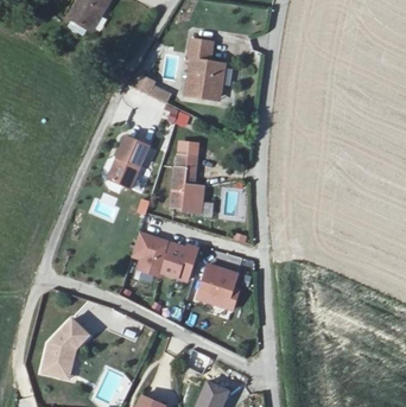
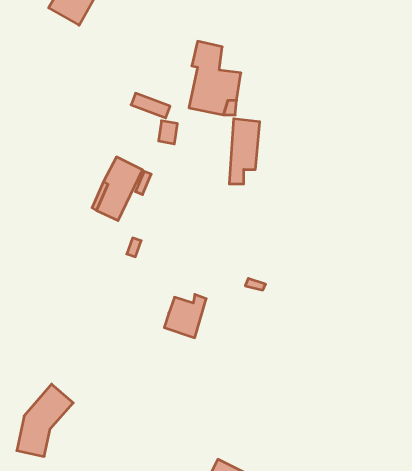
building: [172,154,197,208] -> [229,119,260,184]
building: [134,234,171,276] -> none
building: [202,265,242,310] -> none

